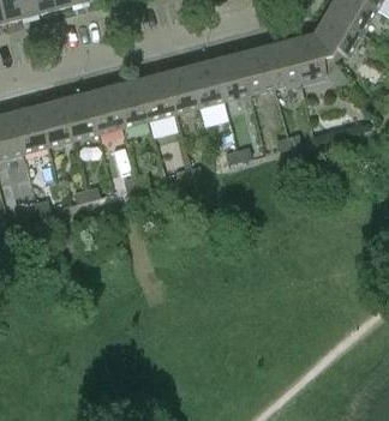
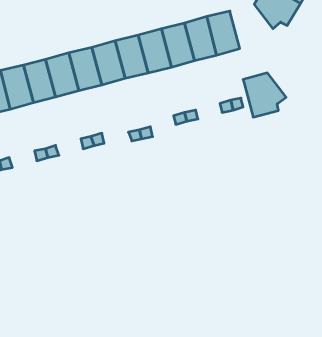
building: [287,32,334,80] -> [243,73,286,117]

